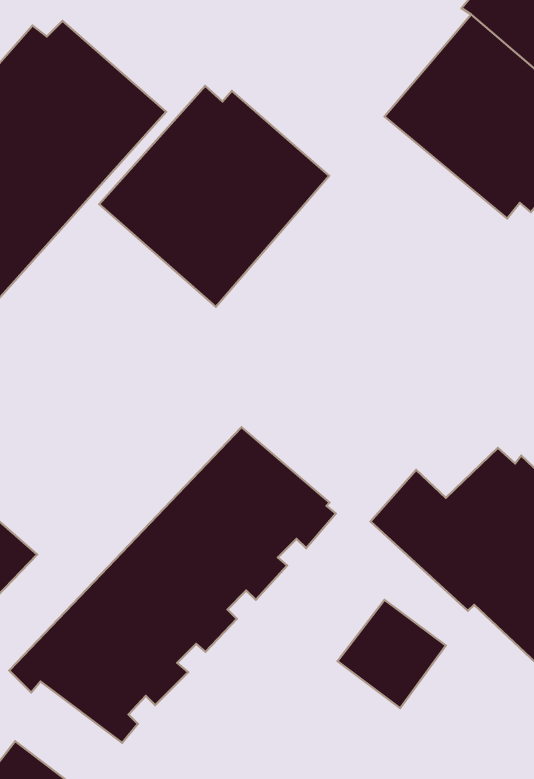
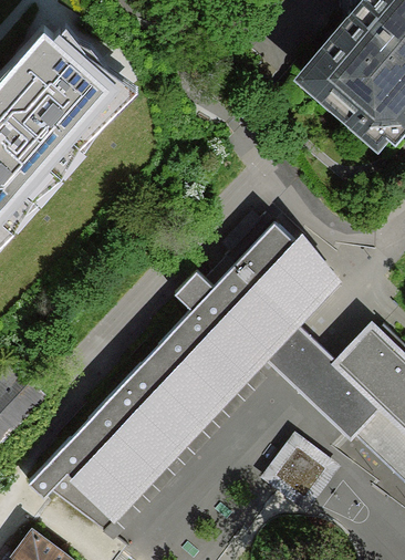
building: [99,86,329,307] -> none
building: none -> [175,218,340,374]

